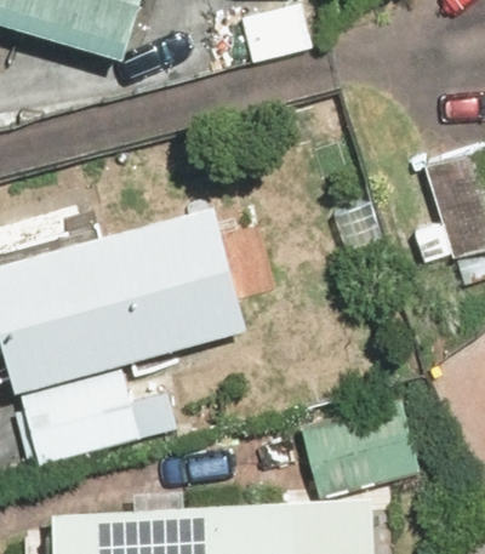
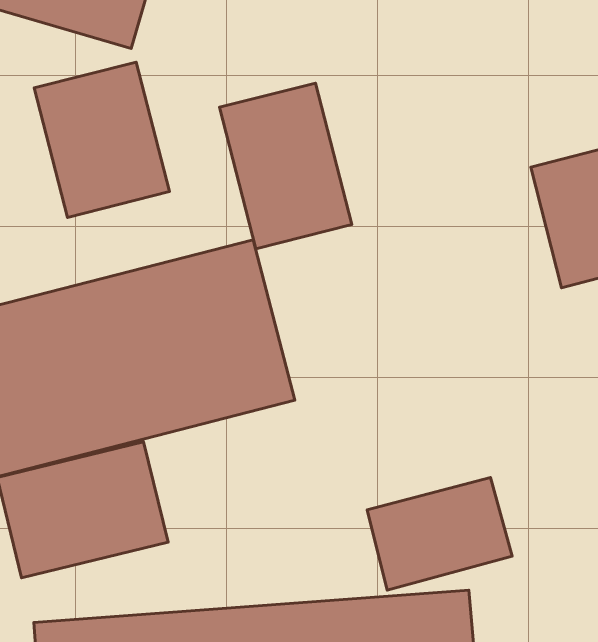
building: none -> [34,62,169,217]
building: none -> [220,83,352,249]

